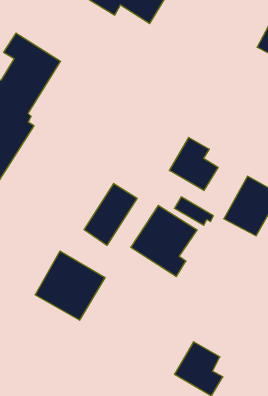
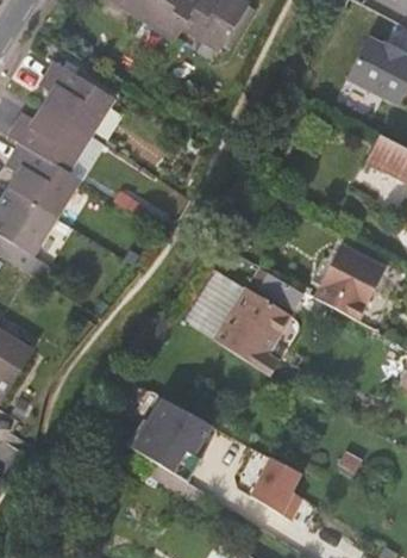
building: [169,137,218,191] -> none
building: [84,183,137,245] -> none
building: [35,251,105,320] -> [133,390,221,477]

